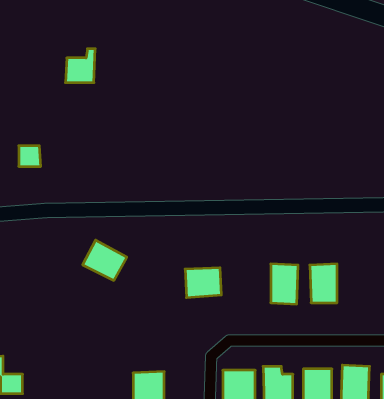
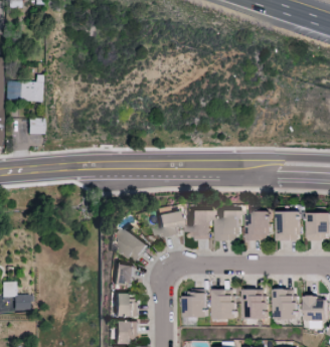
building: [65,49,95,83] -> [16,75,39,102]
building: [83,240,127,280] -> [117,228,151,259]
building: none -> [191,210,213,238]
building: none -> [281,211,303,241]
building: none -> [111,263,138,289]

